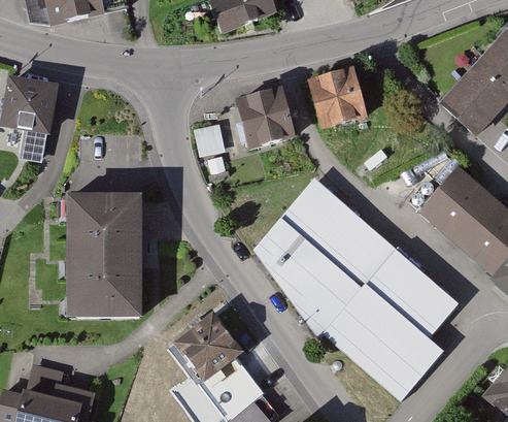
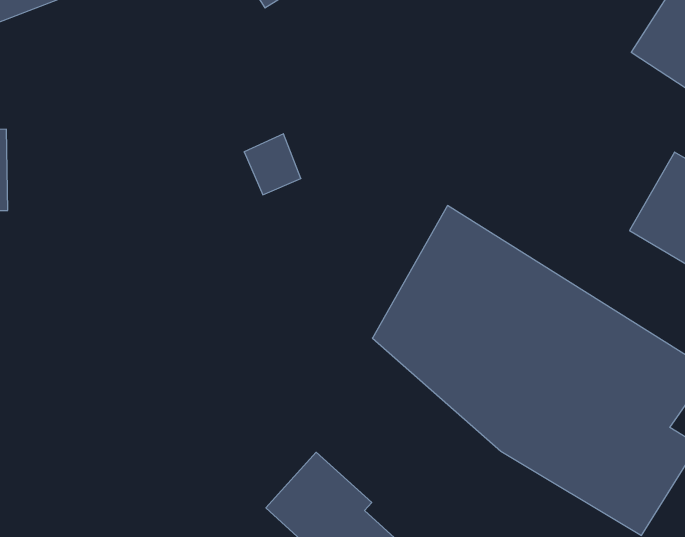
building: [309,66,371,128] -> none
building: [232,92,293,150] -> none
building: [62,199,136,319] -> none

